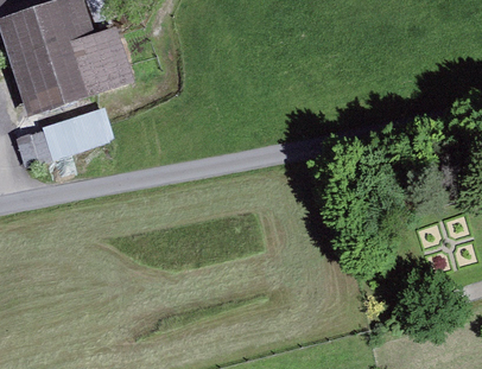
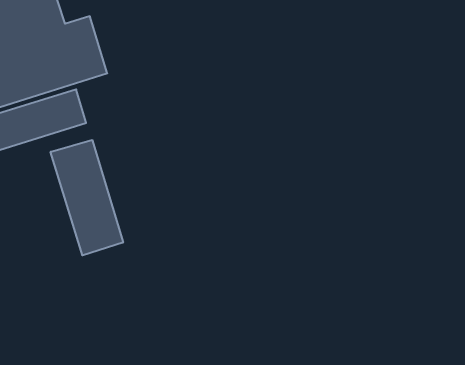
building: none -> [51,140,123,255]

